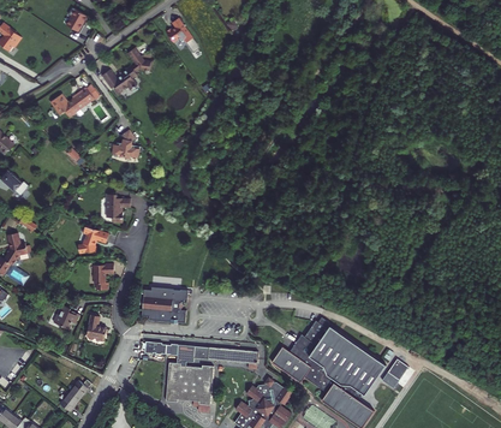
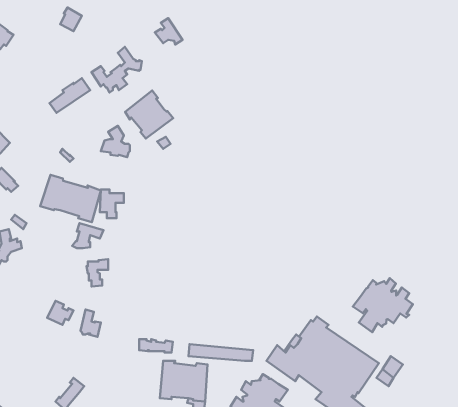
building: none -> [125,91,173,139]
building: none -> [40,175,101,222]
building: none -> [353,278,413,332]
building: [142,286,189,323] -> none

